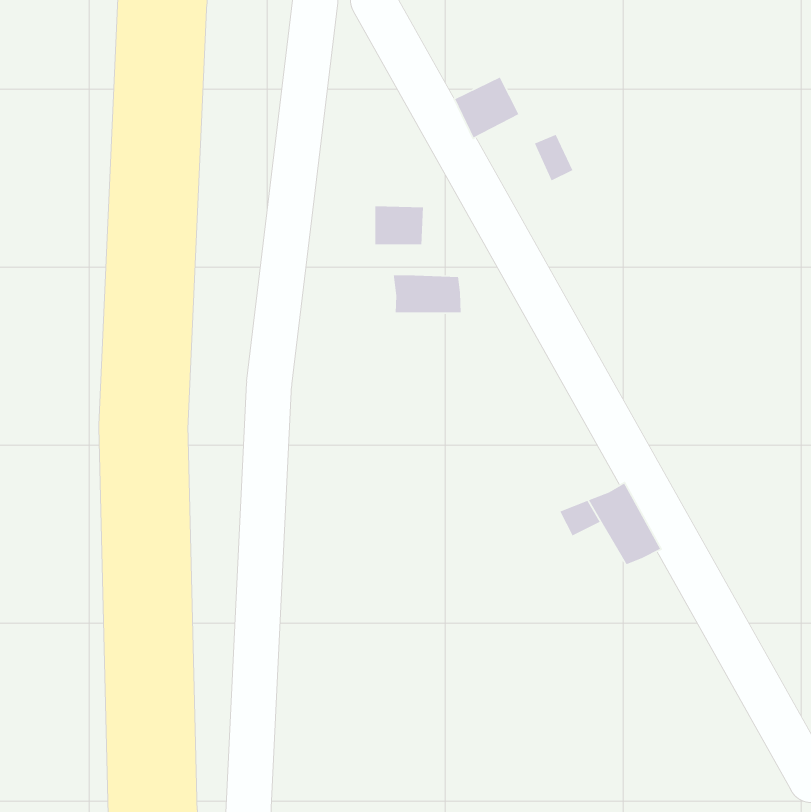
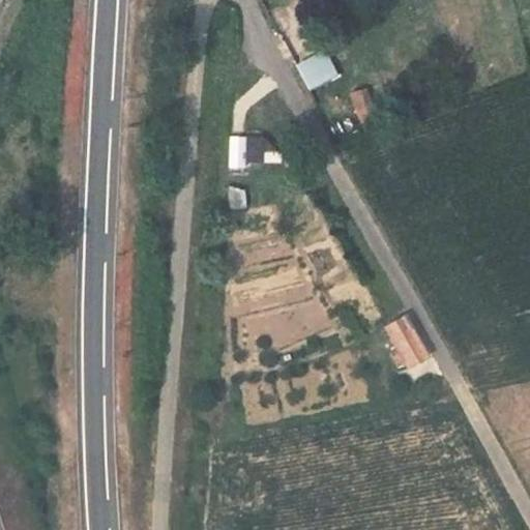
building: [393,274,461,313] -> none

